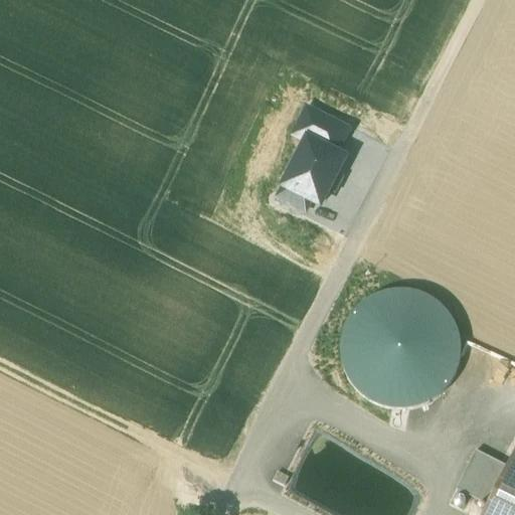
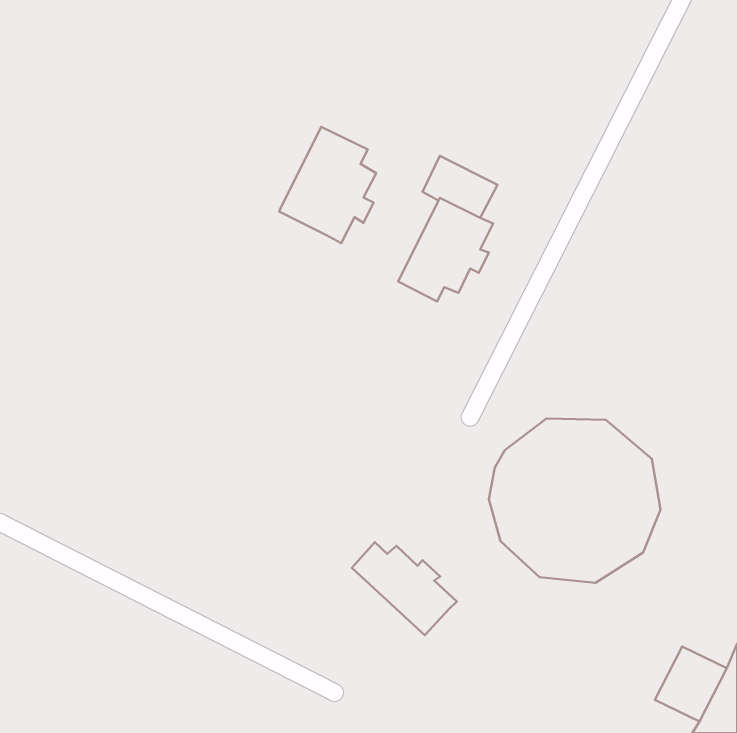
building: none -> [279,127,376,243]
building: none -> [352,542,457,635]

